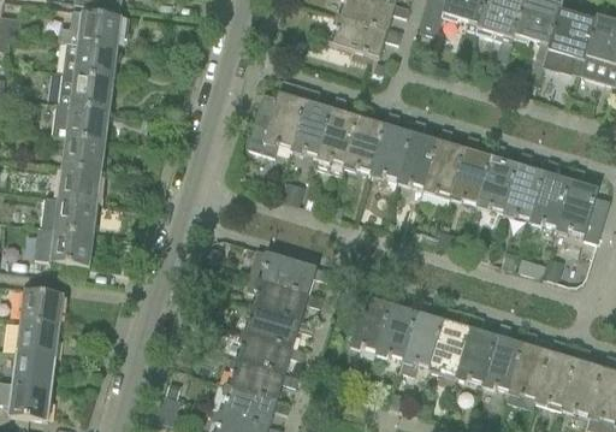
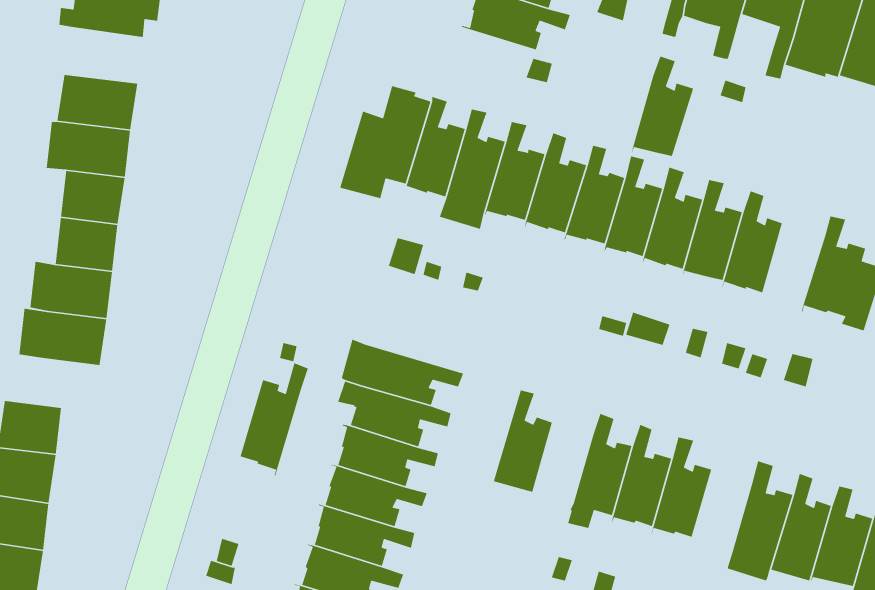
building: [65,41,118,78] -> none
building: [528,158,570,225] -> [631,55,694,157]
building: none -> [240,362,309,476]
building: [374,290,416,357] -> none
building: [481,321,522,389] -> none

